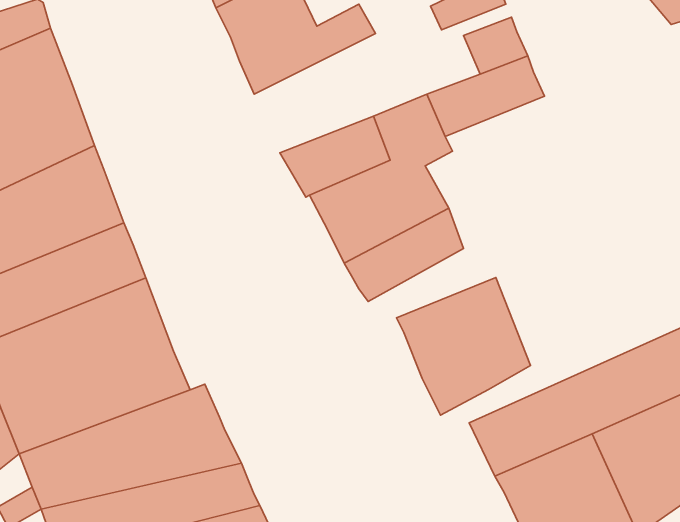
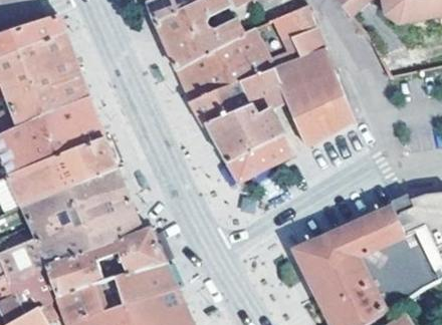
building: none -> [176,30,270,100]
building: [397,278,531,415] -> [280,69,354,144]

